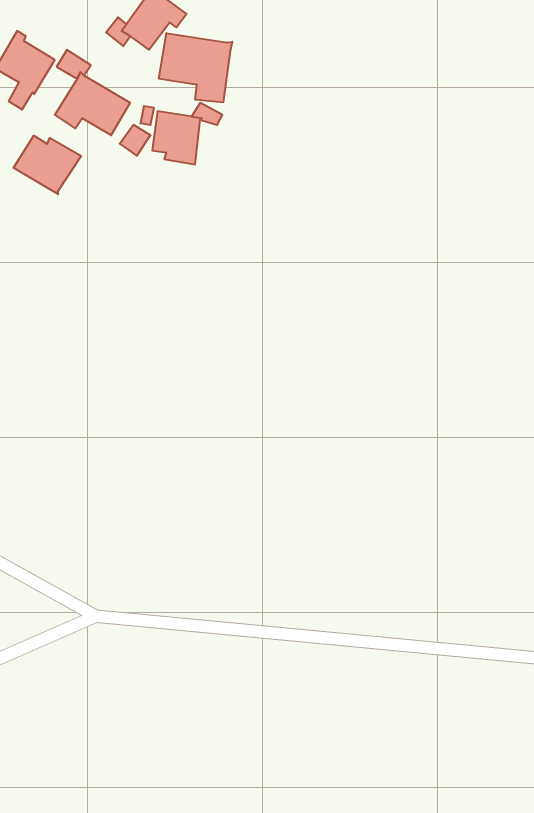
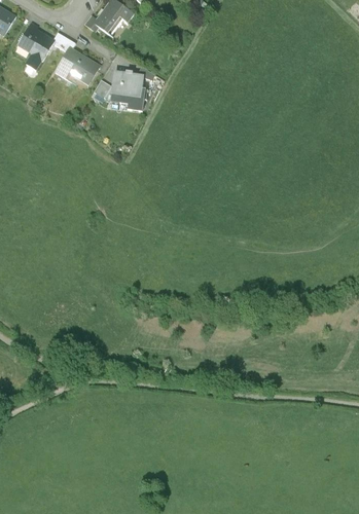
building: [159,33,232,102] -> none
building: [13,136,81,194] -> none

